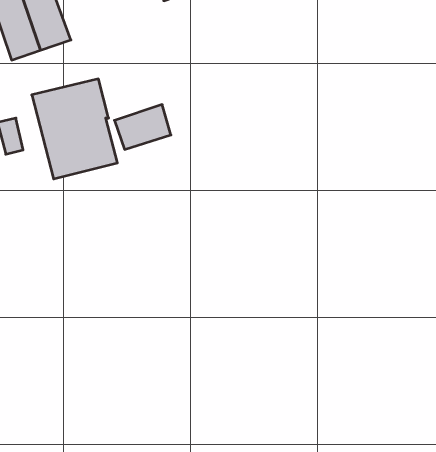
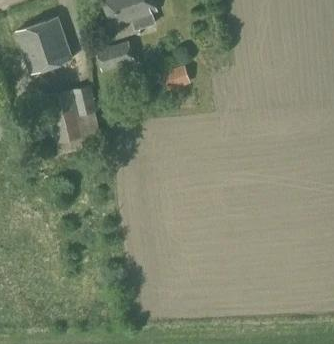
building: none -> [159,65,190,92]
building: [114,105,171,149] -> [95,41,134,72]

